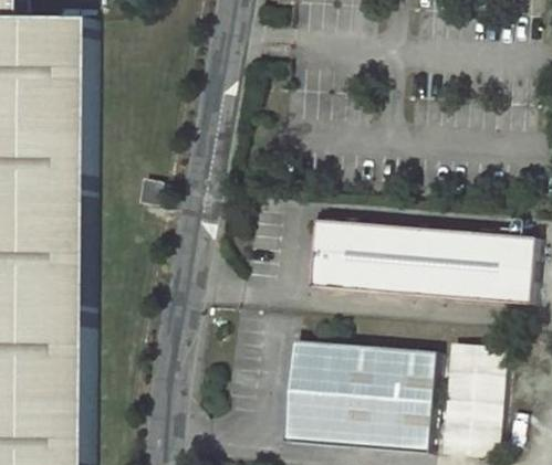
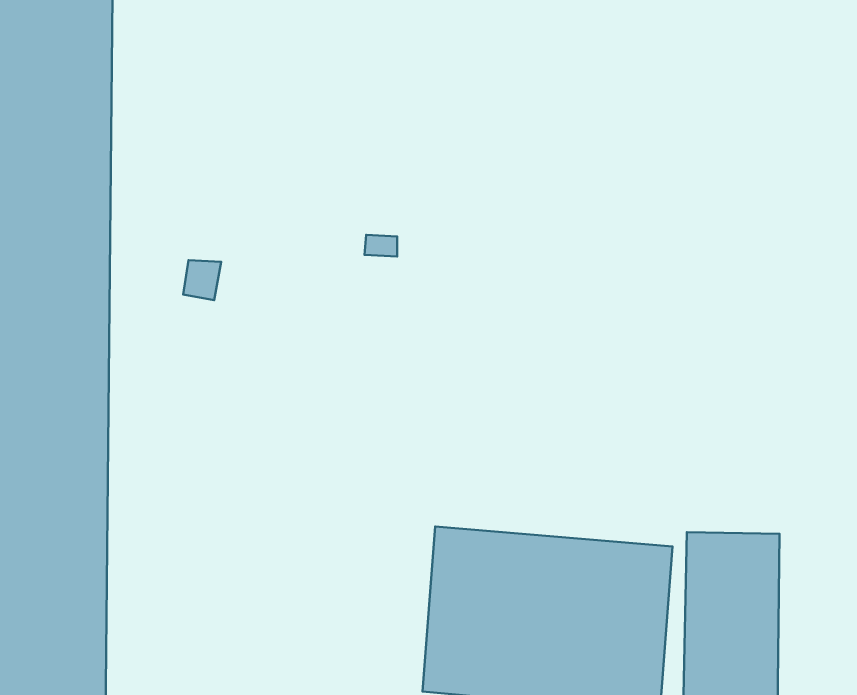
building: [308,220,532,303] -> none

